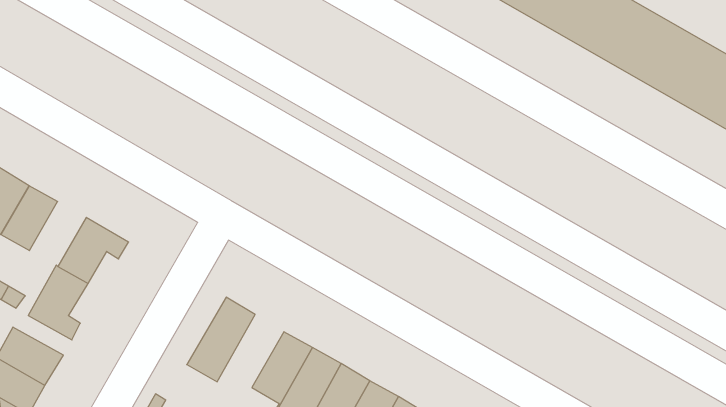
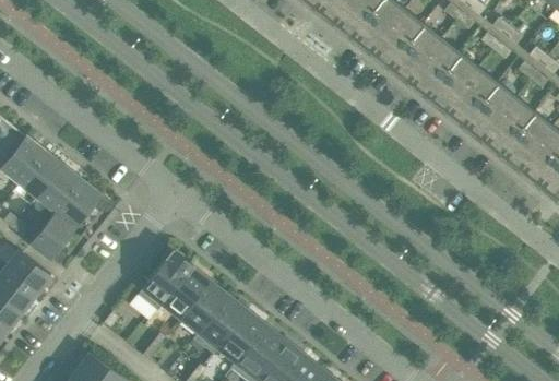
building: none -> [39,165,83,211]
building: none -> [158,265,211,317]

